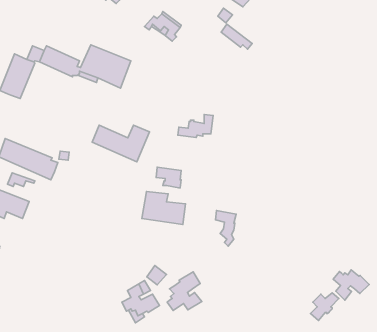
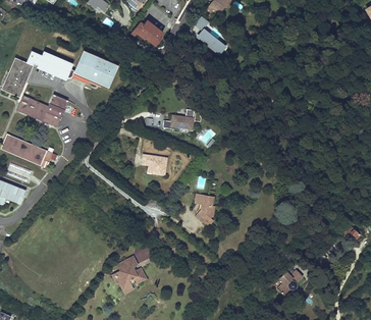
building: [92,125,149,162] -> [16,95,67,127]
building: [142,192,186,224] -> none
building: [333,270,369,300] -> none
building: [167,272,202,310] -> none

